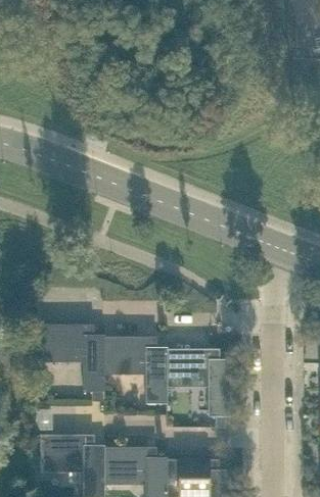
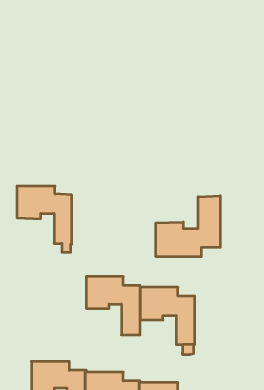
building: none -> [156,196,220,257]
building: [41,326,104,402] -> [17,186,72,252]

